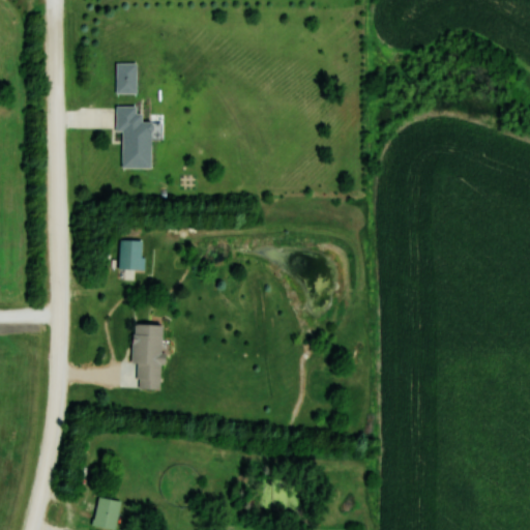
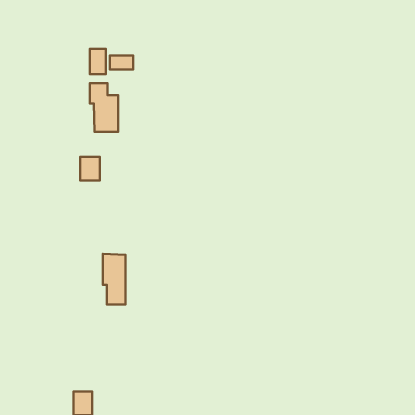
building: none -> [110,55,133,69]
building: [119,240,144,270] -> [80,157,100,180]

